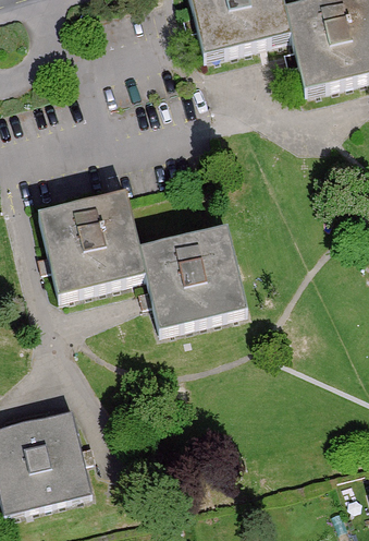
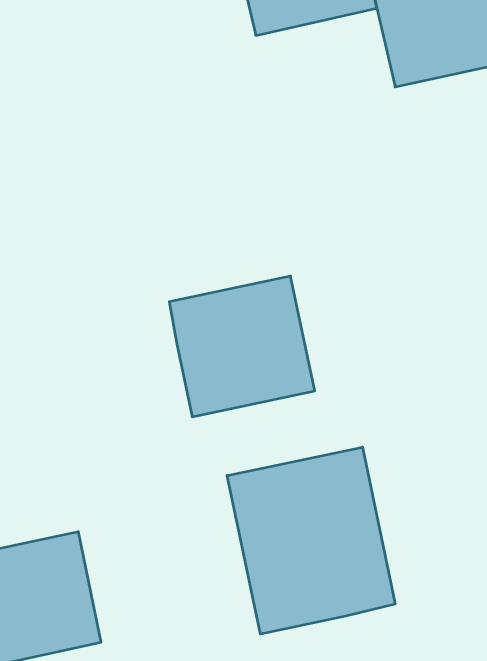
building: [45,196,145,293] -> none
building: none -> [227,447,395,634]

